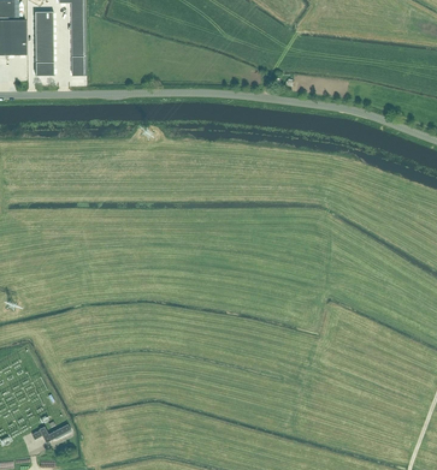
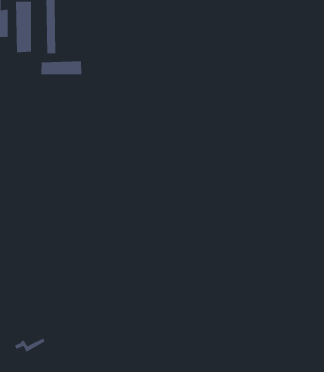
building: none -> [41,60,82,75]

